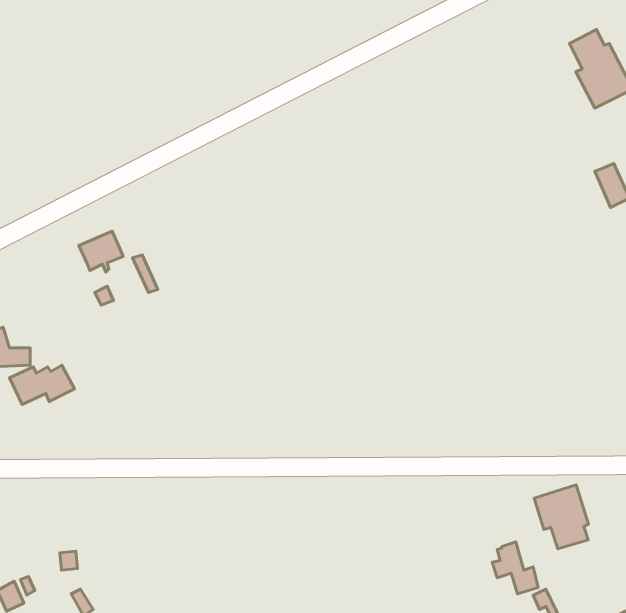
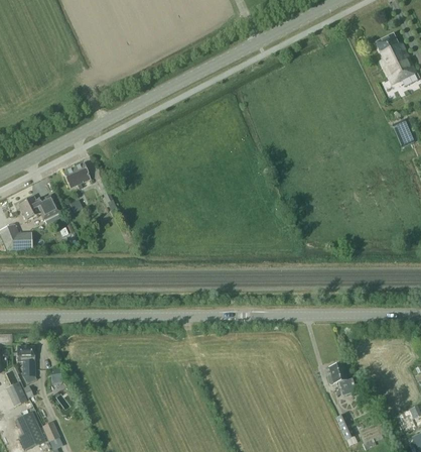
building: [10,365,74,405] -> [18,196,59,221]
building: [534,485,588,549] -> none
building: none -> [17,346,35,376]

